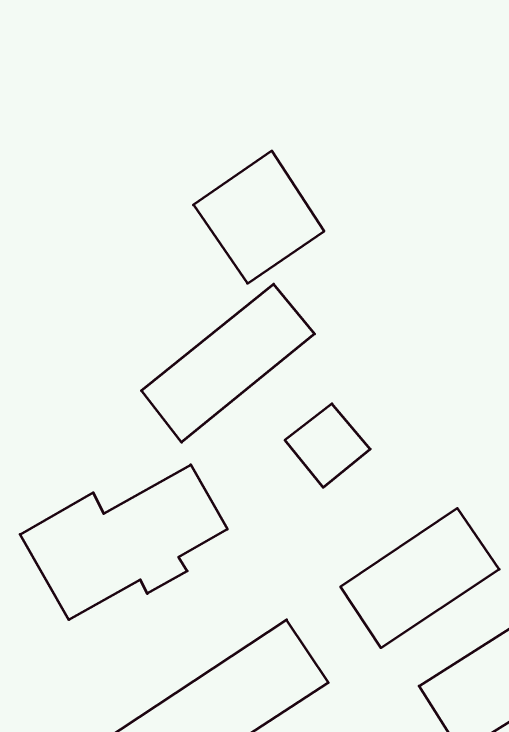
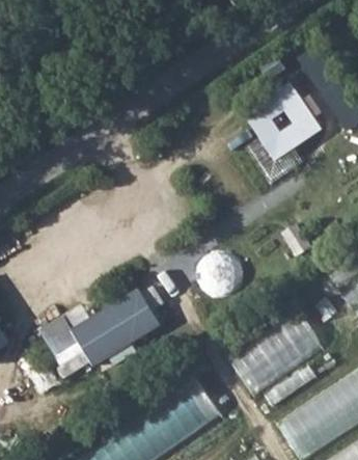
building: [193,151,324,283] -> [242,82,320,161]
building: [141,284,315,442] -> none

